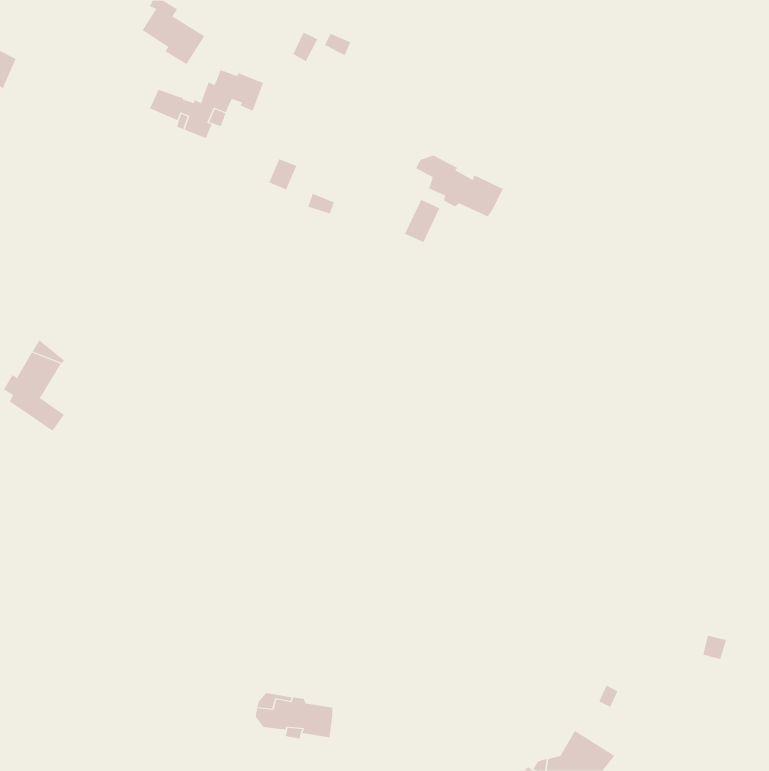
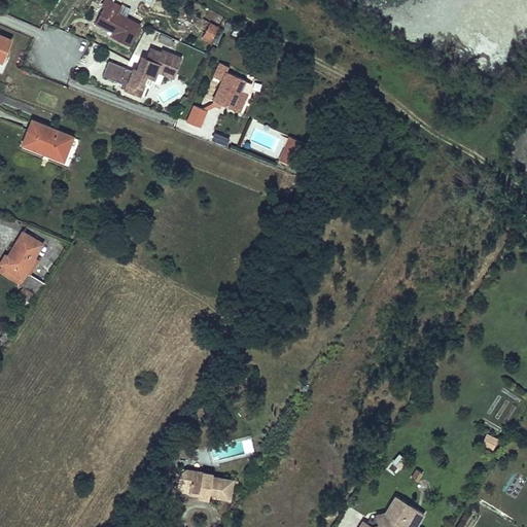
building: none -> [212,62,247,109]
building: [416,155,504,217] -> none
building: none -> [24,120,73,160]

